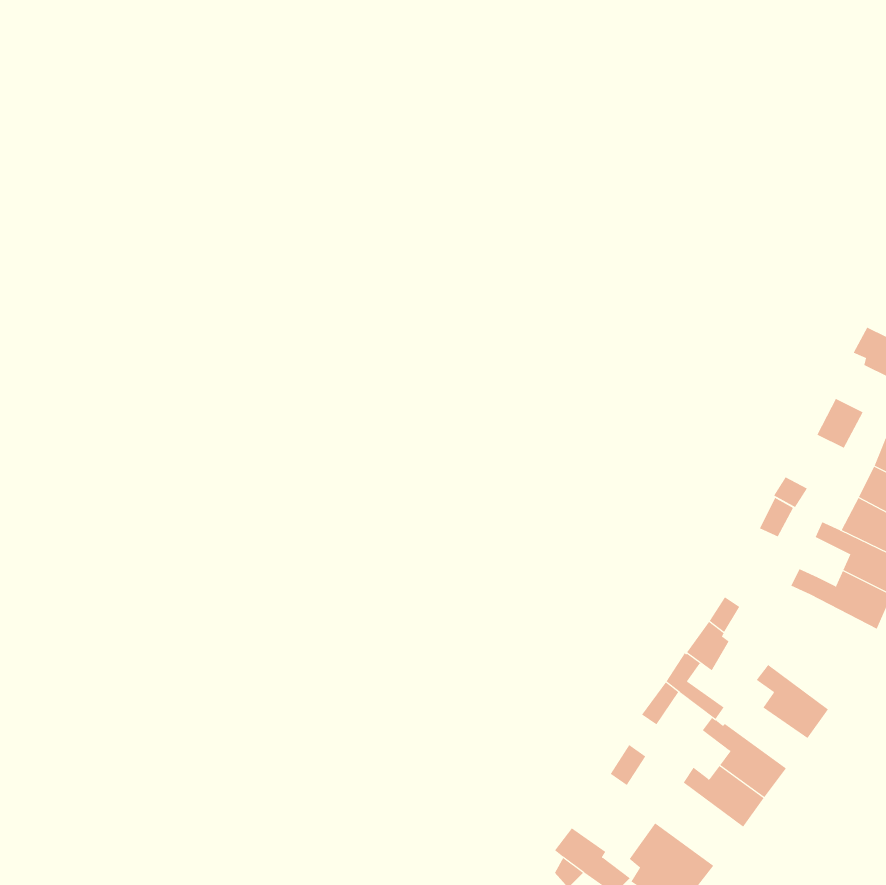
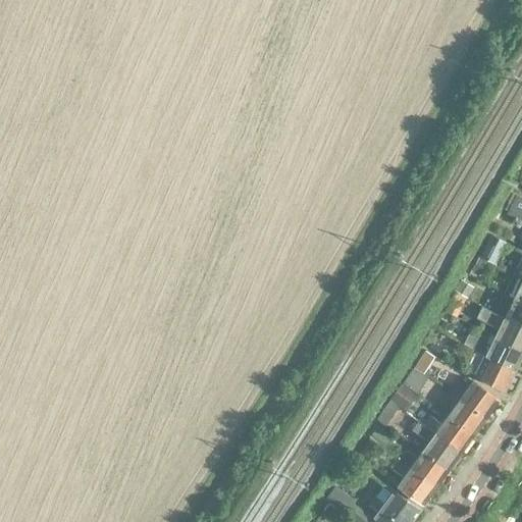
building: none -> [466,351,516,390]
building: none -> [452,380,501,418]
building: none -> [426,417,475,453]
building: none -> [396,461,437,505]

